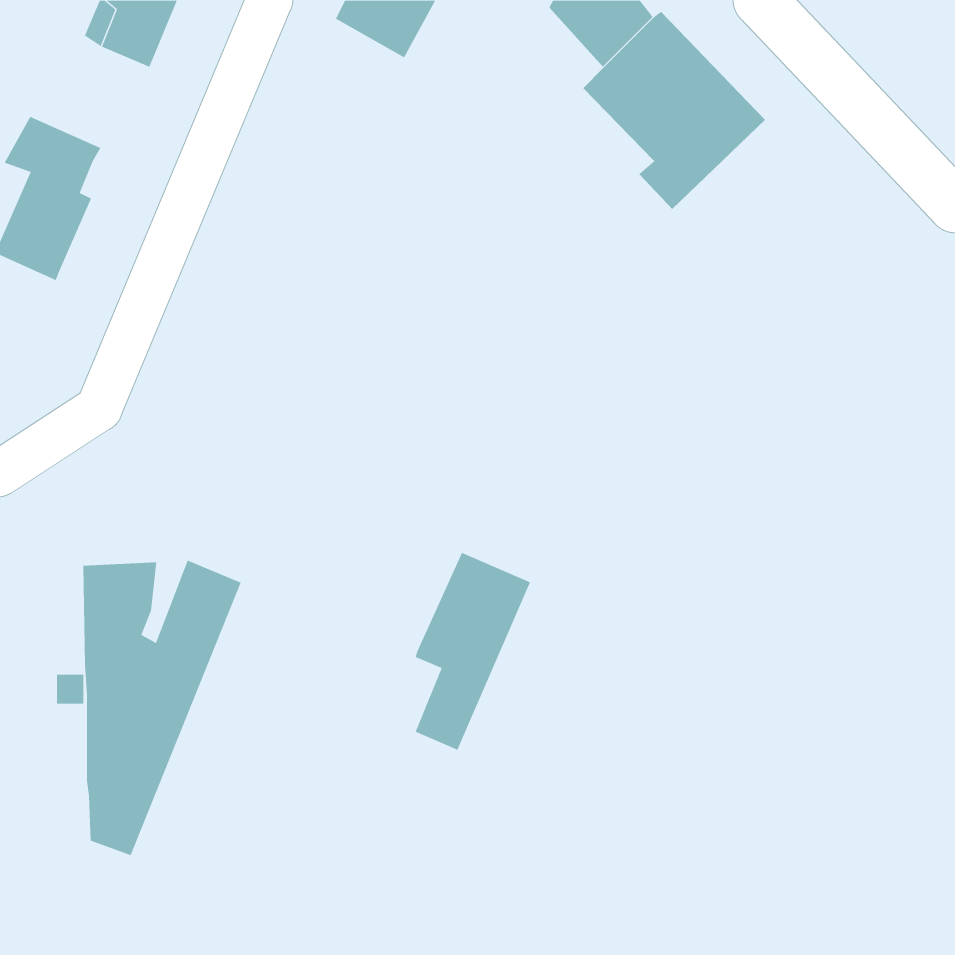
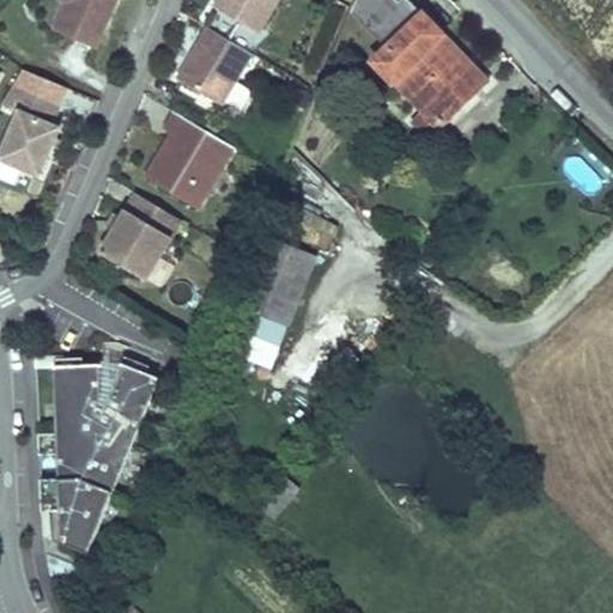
building: none -> [176,25,249,102]
building: none -> [145,111,232,207]
building: none -> [99,194,180,280]
building: [415,552,531,751] -> [244,244,318,371]

